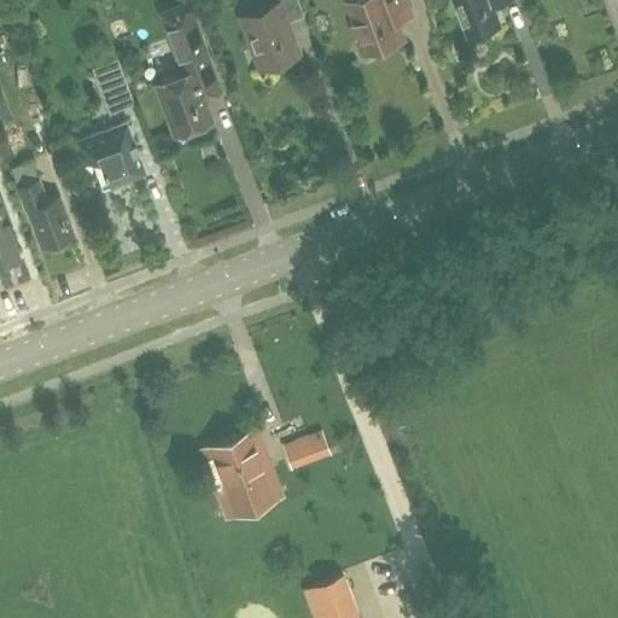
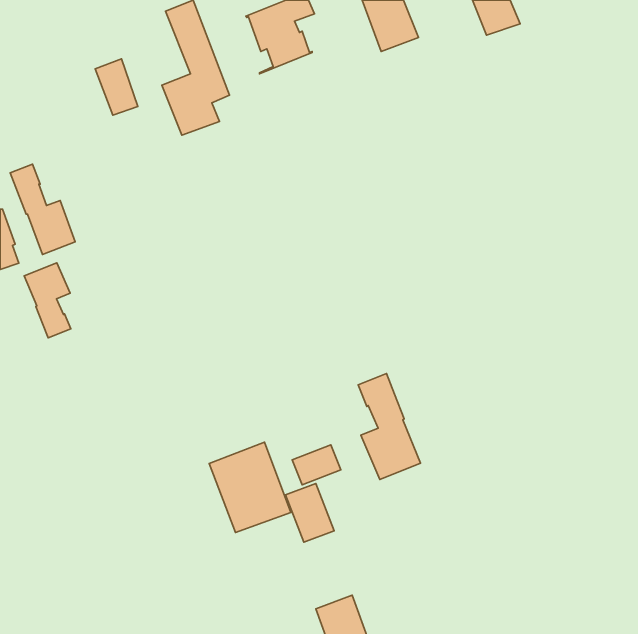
building: [78,127,147,192] -> none
building: none -> [24,263,71,338]
building: none -> [358,374,421,479]
building: none -> [286,484,334,542]

